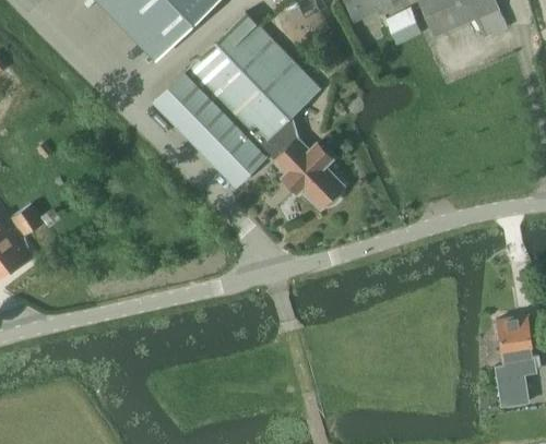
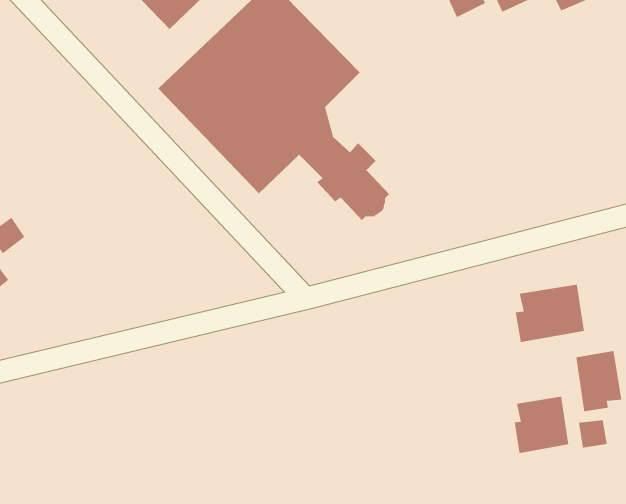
building: none -> [515,284,585,343]
building: none -> [514,396,569,454]

